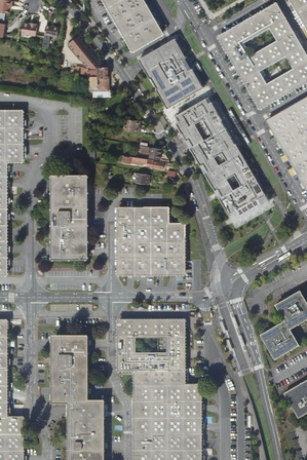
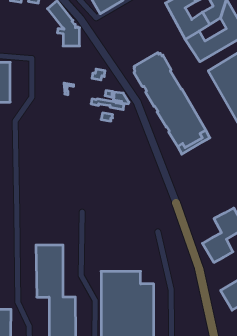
building: [139,38,203,109] -> none
building: [53,176,87,258] -> none
building: [118,208,184,273] -> none
building: [118,321,184,371] -> none

